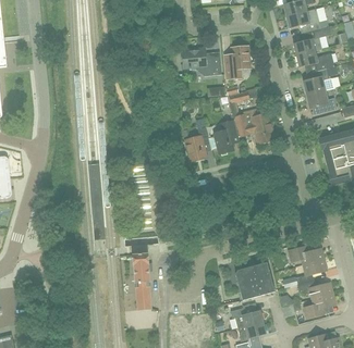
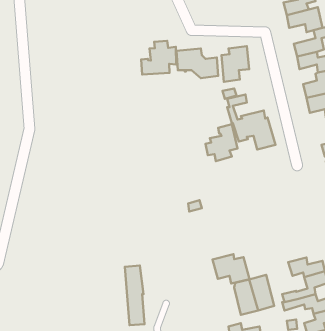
building: none -> [141,41,176,74]
building: [185,124,209,161] -> none
building: none -> [213,254,250,283]

